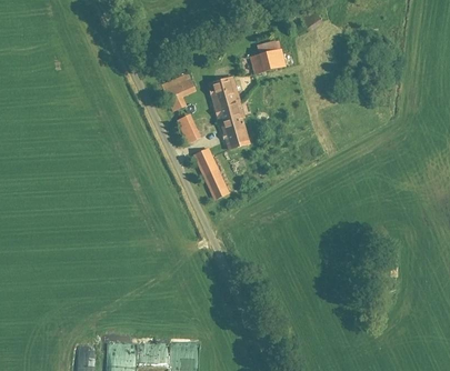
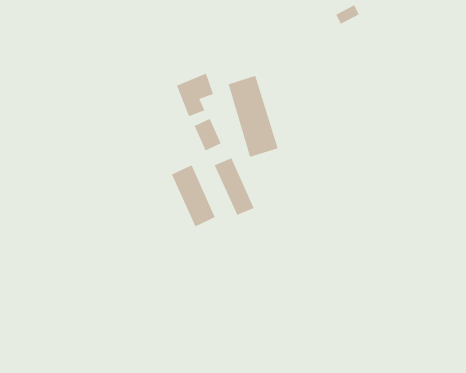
building: [246,50,286,74] -> none
building: none -> [171,165,216,227]

